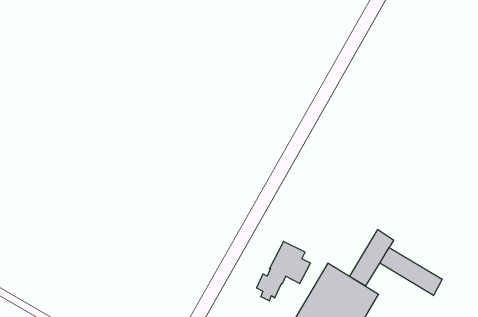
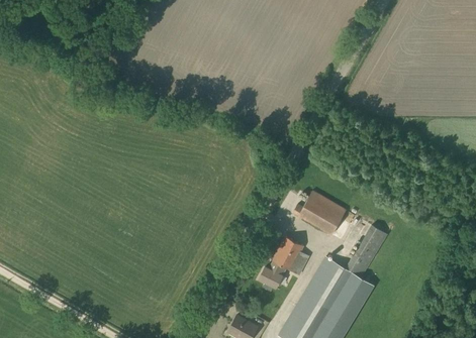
building: none -> [291,191,346,236]
building: [380,248,442,296] -> none

